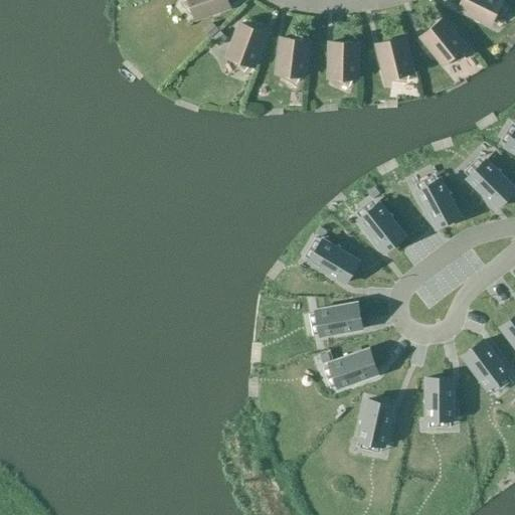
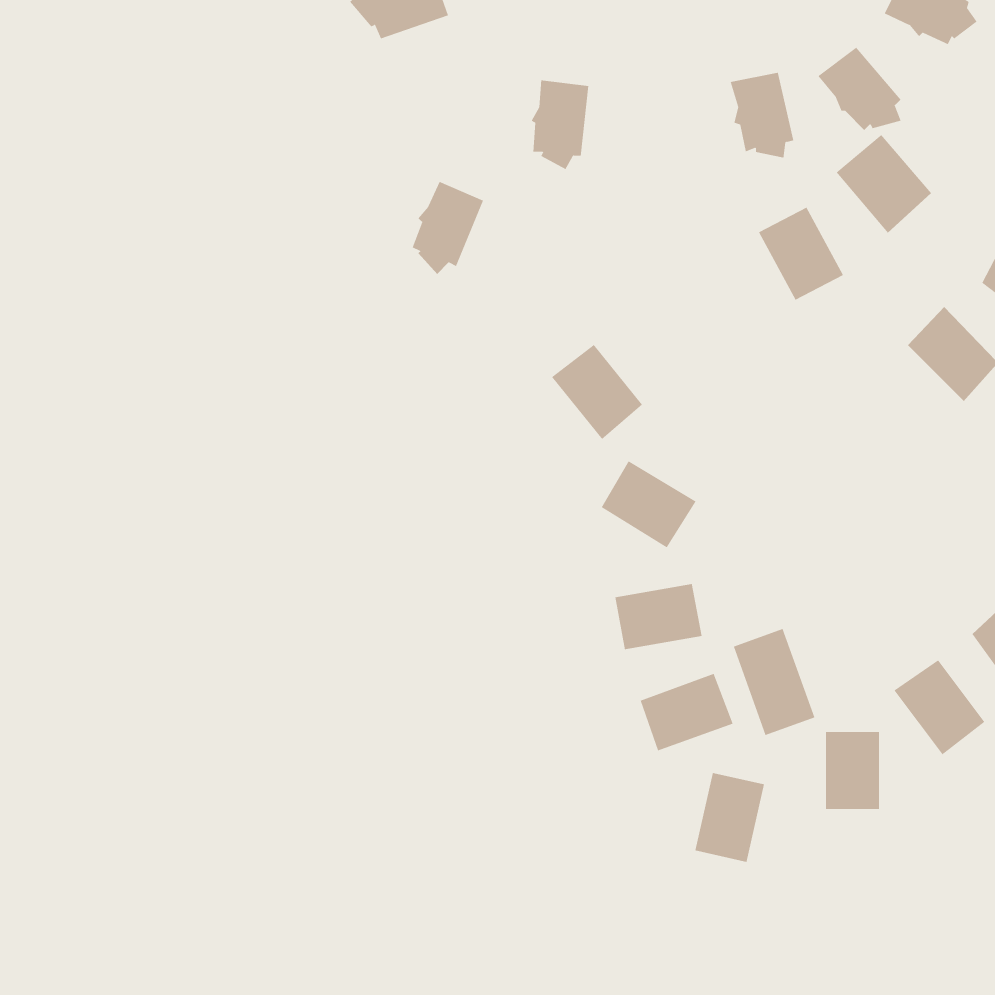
building: [223,32,261,80] -> [412,181,484,275]
building: [326,39,355,83] -> none
building: none -> [836,134,932,233]
building: [417,178,462,226] -> [758,207,844,301]
building: [359,202,406,251] -> [551,344,643,440]
building: none -> [733,628,815,736]

